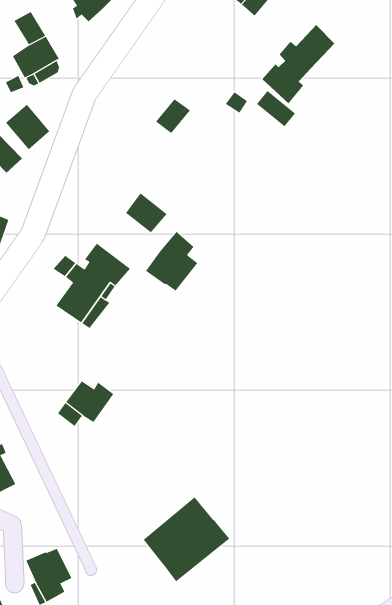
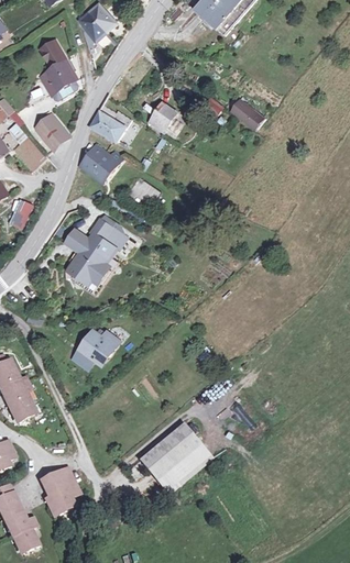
building: [261,24,335,104] -> none
building: none -> [91,106,131,142]
building: none -> [80,144,127,185]
building: [145,231,198,291] -> none

